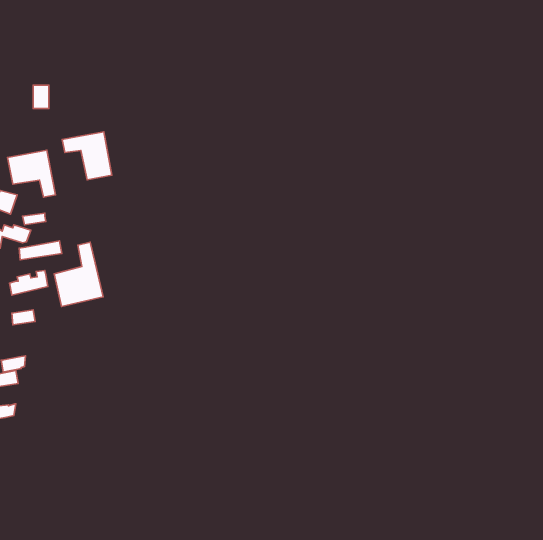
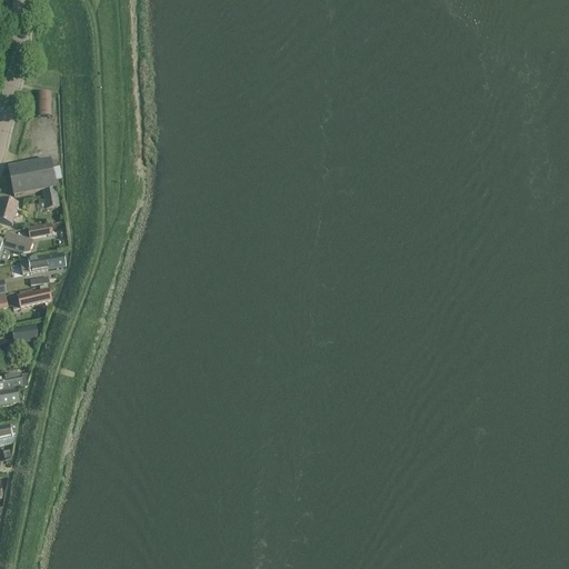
building: [62,132,112,180] -> none
building: [54,242,103,307] -> none

